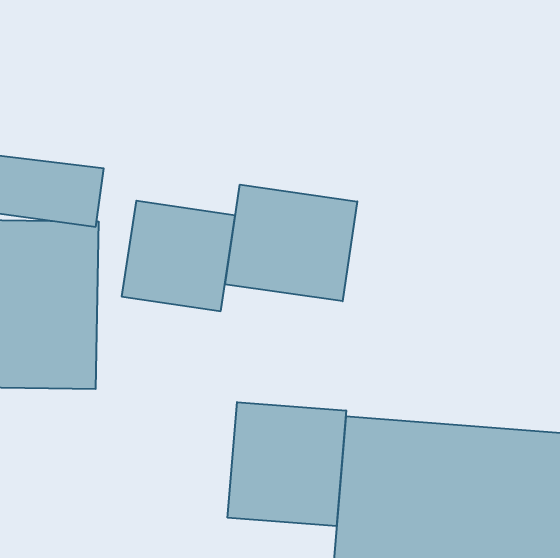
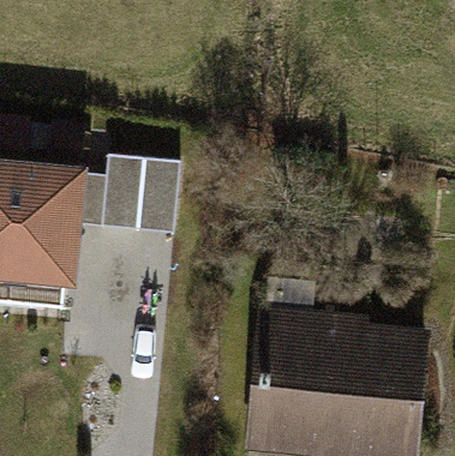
building: [225,185,357,301] -> none
building: [228,402,346,526] -> none

